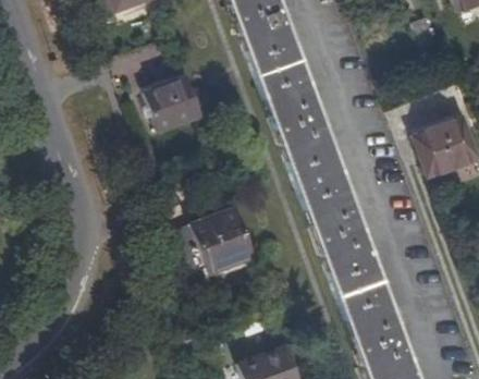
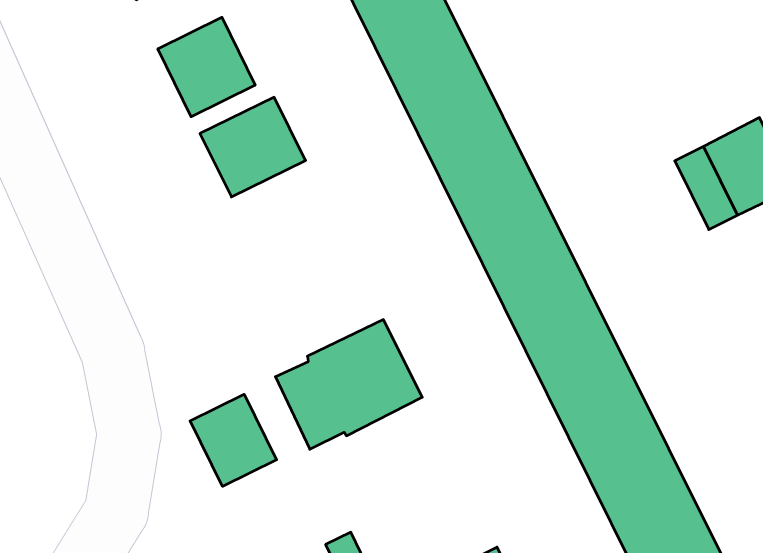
building: none -> [158,17,255,117]
building: none -> [190,394,277,486]

